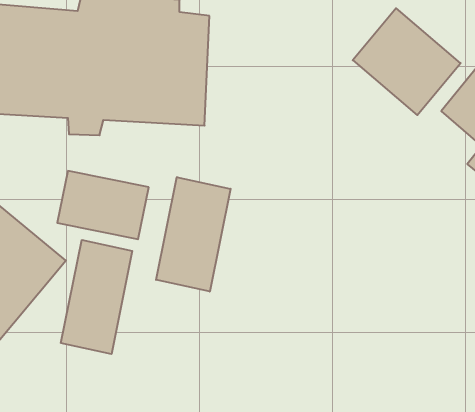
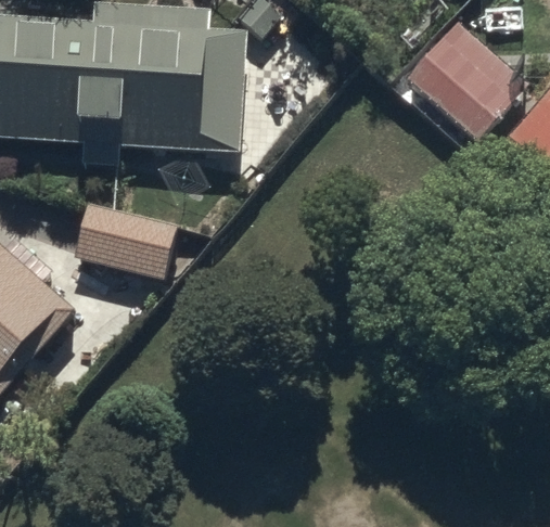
building: [156,177,231,292] -> none
building: [61,240,132,354] -> none

